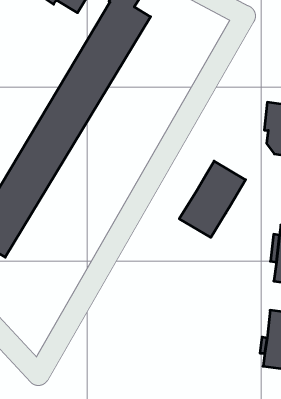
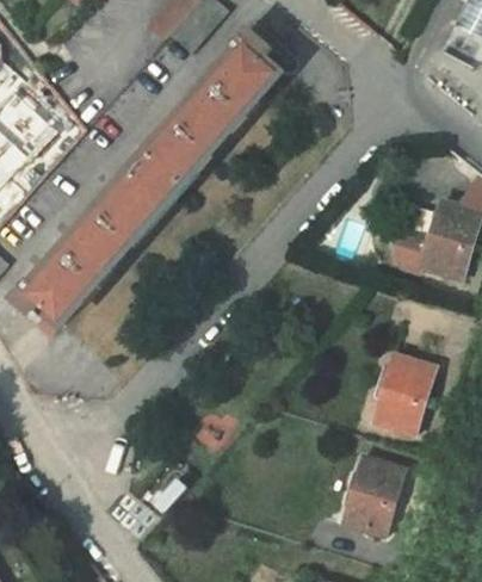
building: [179,161,246,237] -> none

